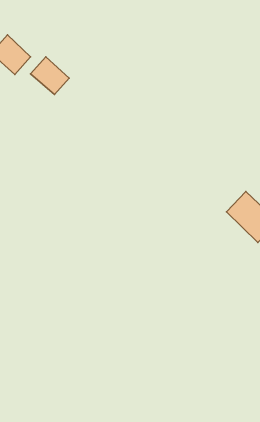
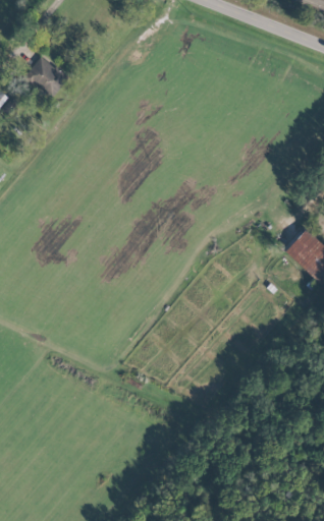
building: [30,57,69,94] -> none

